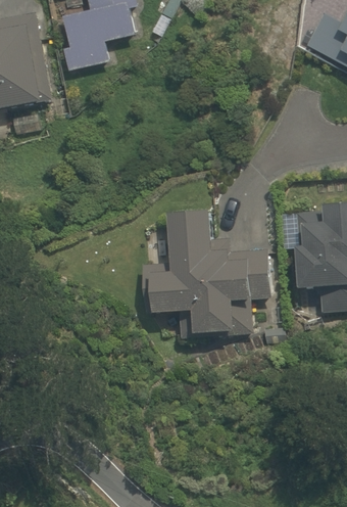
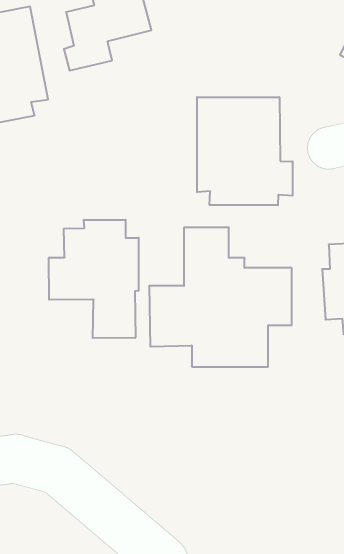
building: none -> [197,97,293,205]
building: none -> [49,220,139,338]

